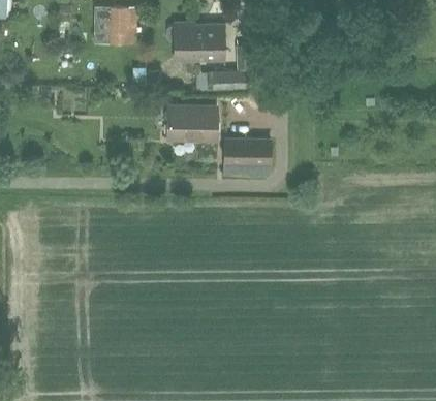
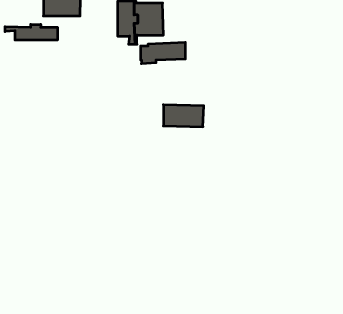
building: none -> [5,24,57,40]
building: [167,105,219,140] -> none

